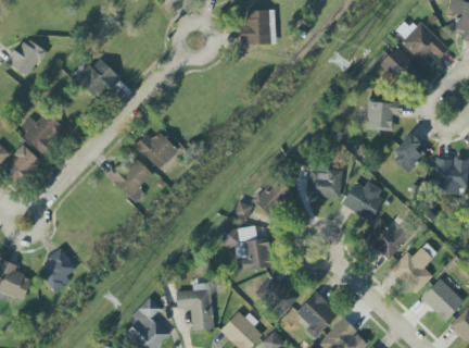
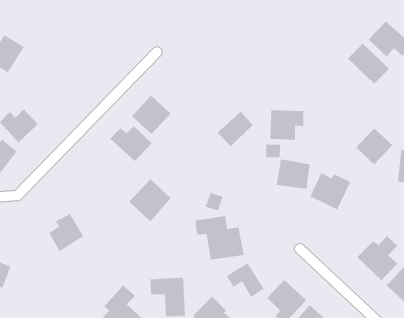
building: [241,10,276,45] -> none
building: [78,57,121,99] -> none
building: [367,99,403,130] -> [270,110,304,140]
building: none -> [131,95,171,135]
building: [109,153,153,199] -> [129,178,171,222]
building: [252,176,290,214] -> [217,111,253,147]
building: [364,217,409,259] -> none
building: [40,248,77,288] -> [49,213,84,252]

